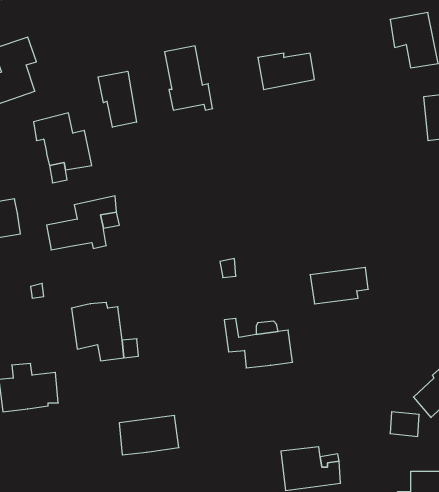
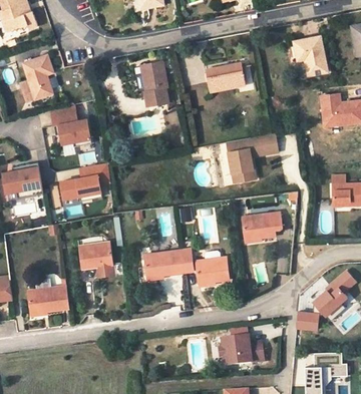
building: [98,71,137,127] -> none
building: none -> [225,133,276,181]
building: [119,416,179,455] -> [143,250,185,277]

